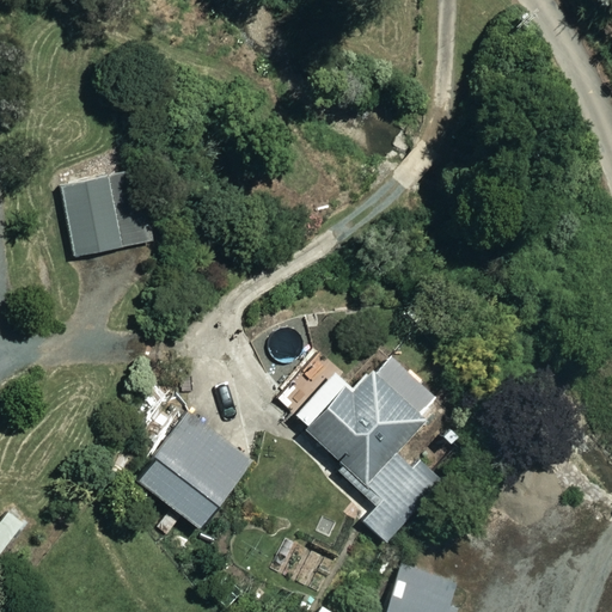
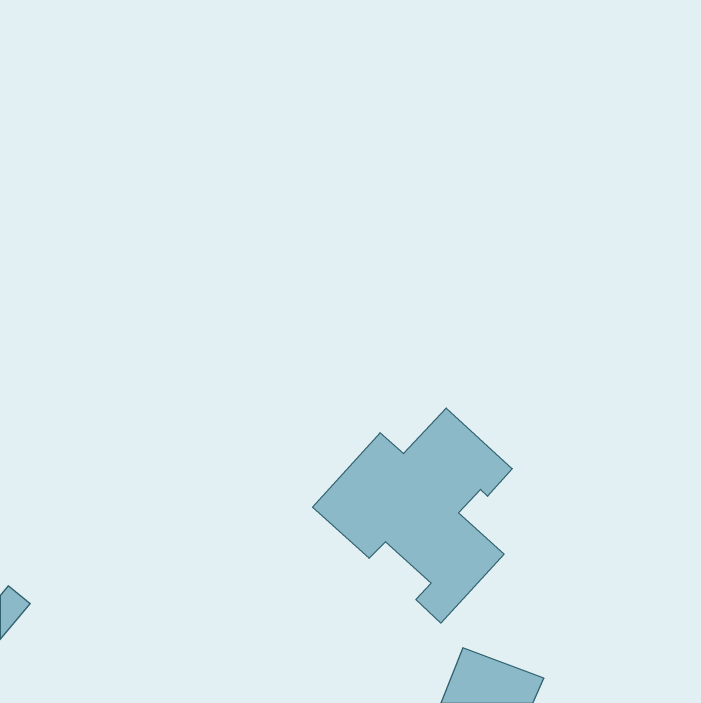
building: [61,173,152,256] -> none
building: [137,414,249,527] -> none

